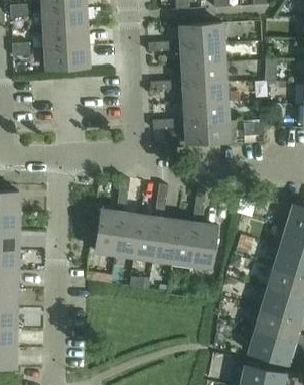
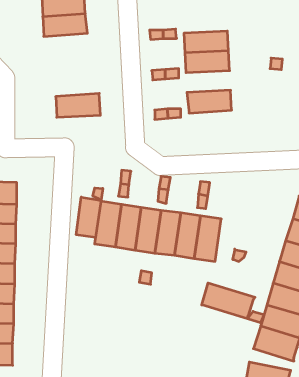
building: [179,23,222,46] -> none
building: [44,46,88,70] -> [56,93,100,117]
building: [182,83,225,104] -> none
building: [185,121,227,144] -> none
building: none -> [76,188,103,237]
building: none -> [202,283,264,323]

